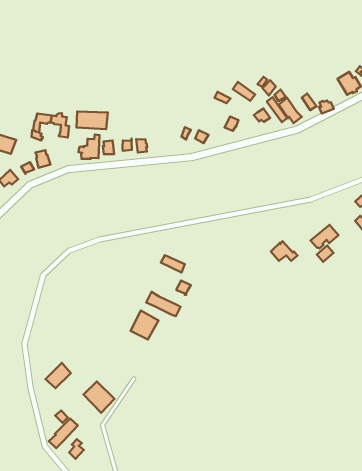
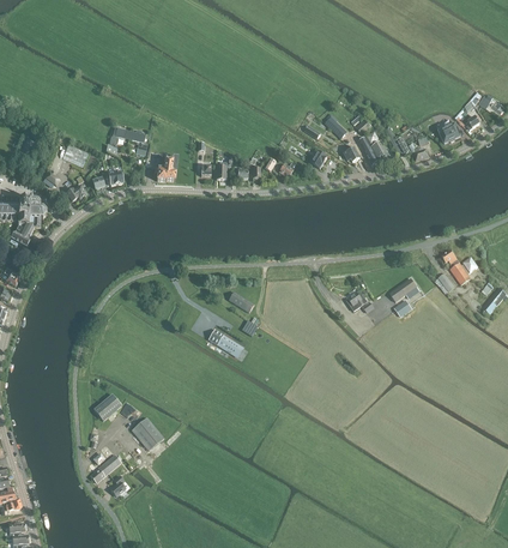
building: [77,111,108,129] -> none
building: [130,310,159,340] -> none

